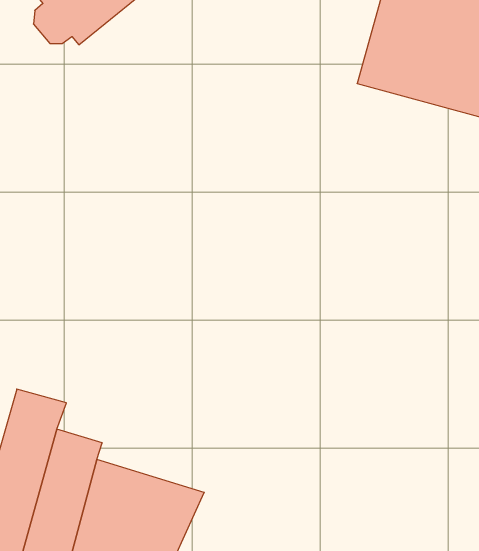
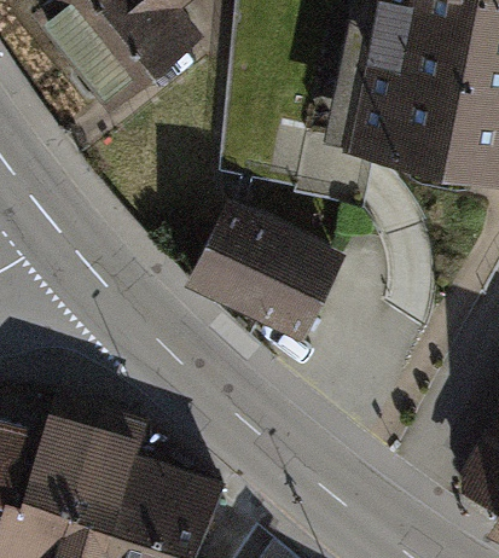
building: none -> [193,211,338,332]

